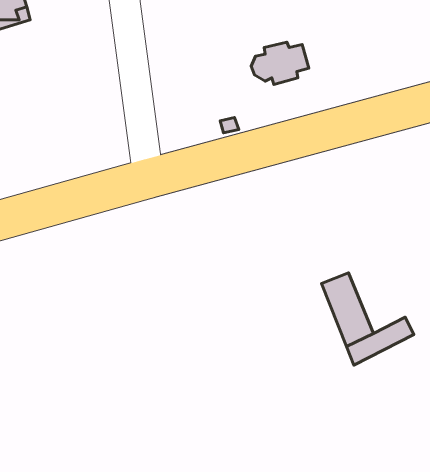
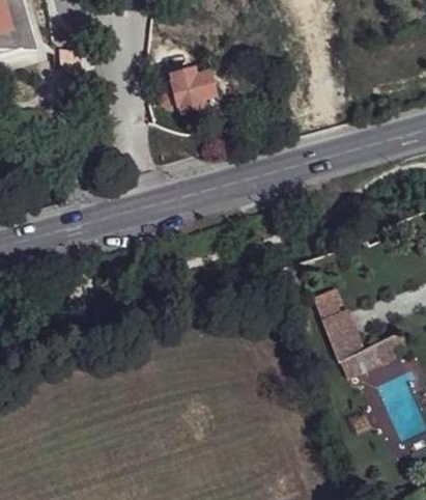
building: [251,42,309,85] -> [160,68,215,109]

